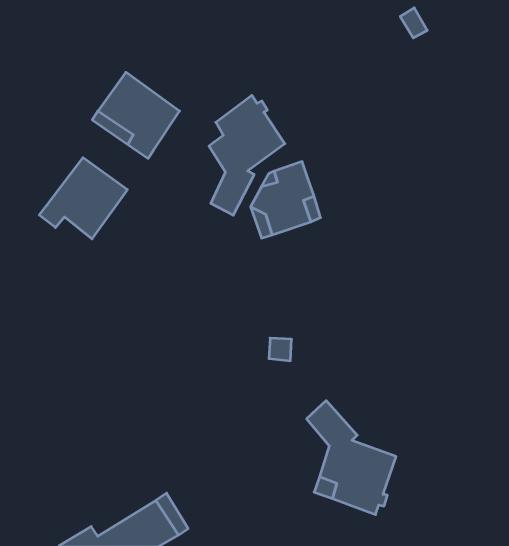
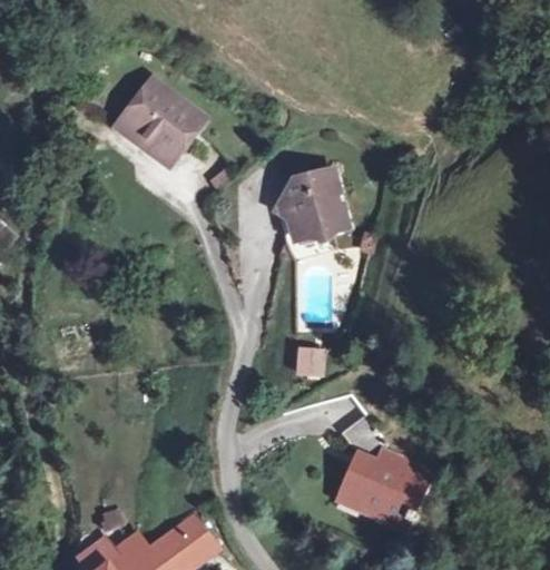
building: [209,95,285,215] -> none
building: [39,158,127,239] -> none

